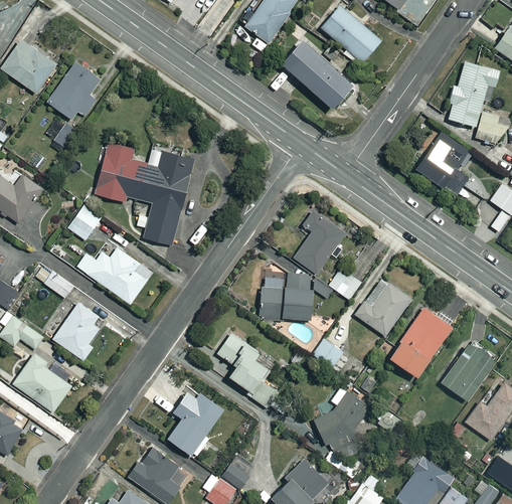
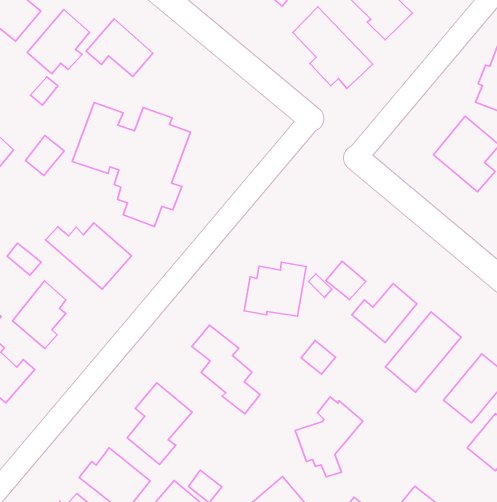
building: none -> [86,19,153,76]
building: [71,207,105,242] -> [25,136,64,176]
building: [293,209,344,272] -> none

